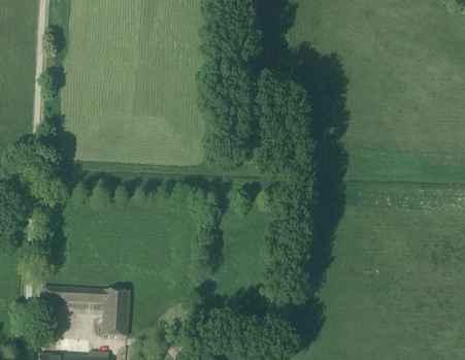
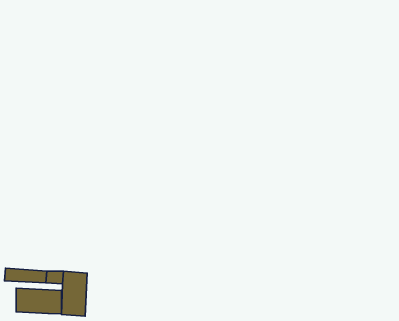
building: none -> [16,288,62,314]

